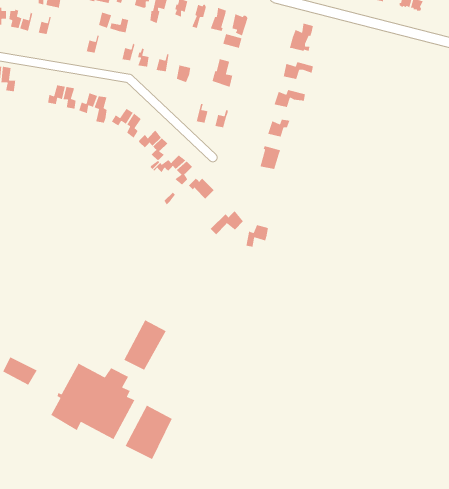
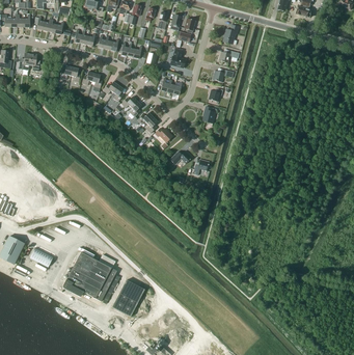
building: [123,319,167,371] -> none

